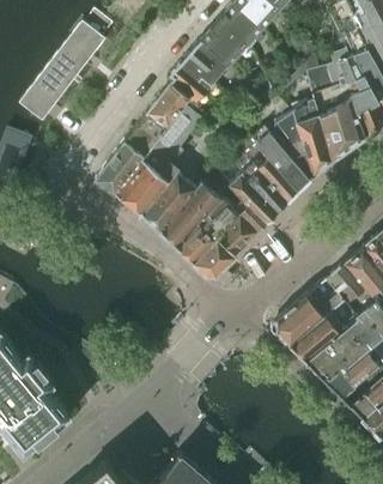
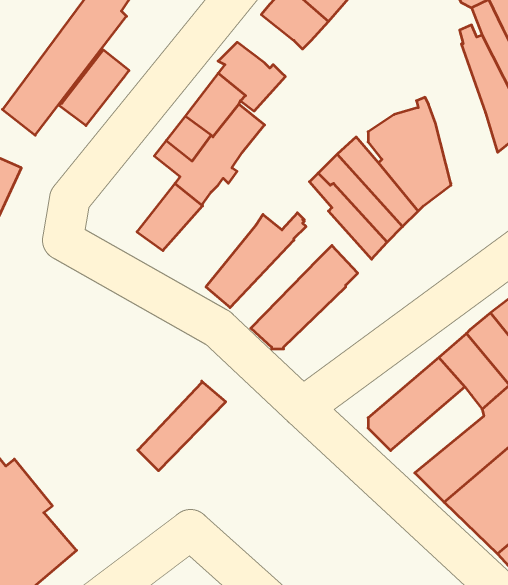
building: [182,43,227,84] -> none
building: [305,54,363,161] -> none
building: [93,141,142,194] -> [58,50,129,126]
building: [218,159,275,223] -> none
building: [130,162,195,232] -> none
building: [177,199,238,261] -> [138,381,226,471]
building: [288,302,353,362] -> none

